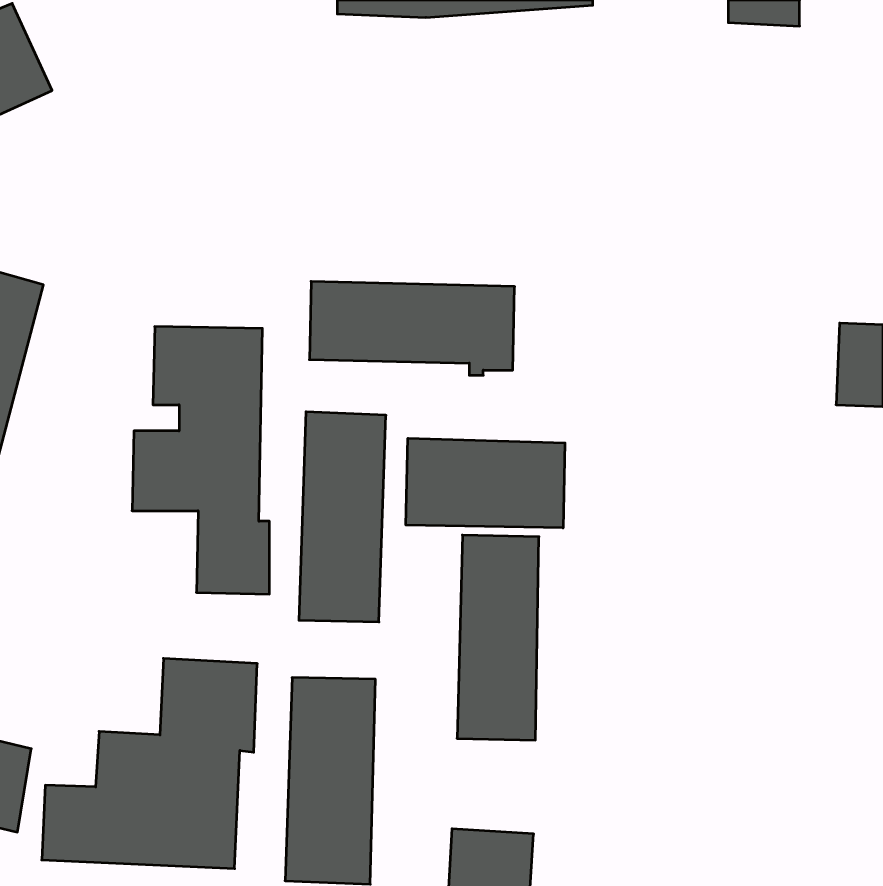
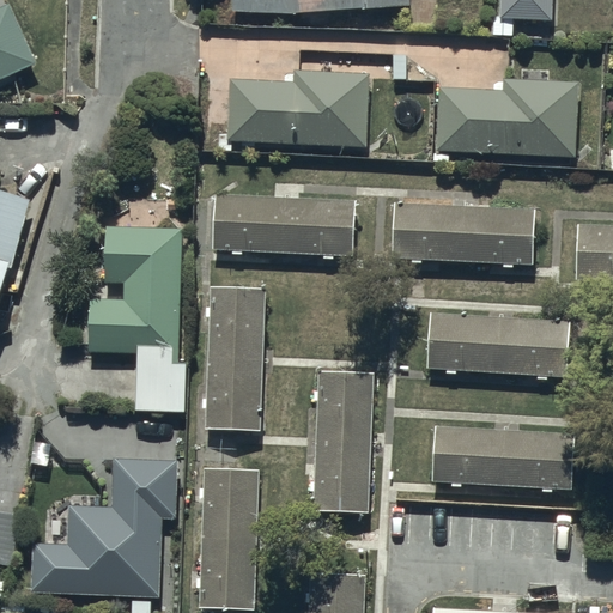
building: none -> [227,72,369,145]
building: none -> [436,79,578,157]
building: none -> [393,202,533,265]
building: [406,438,565,528] -> none
building: none -> [427,314,569,378]
building: none -> [432,426,575,487]

